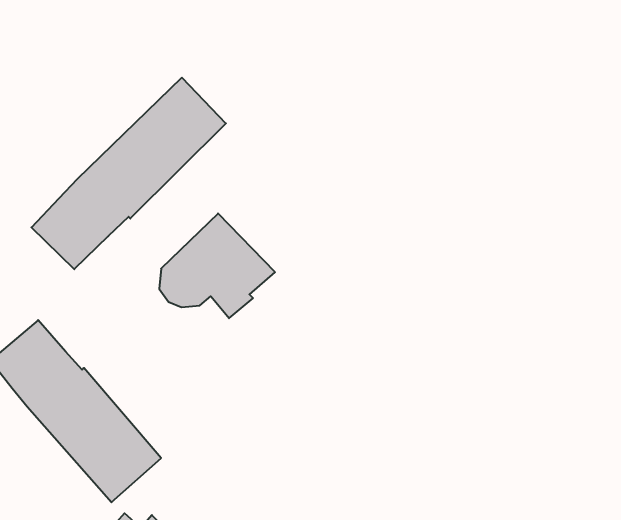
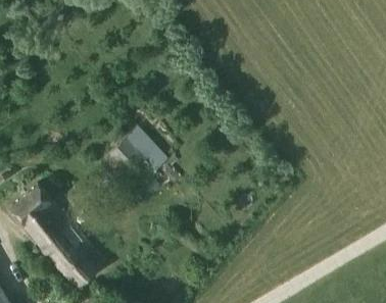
building: [31,78,226,269] -> none

